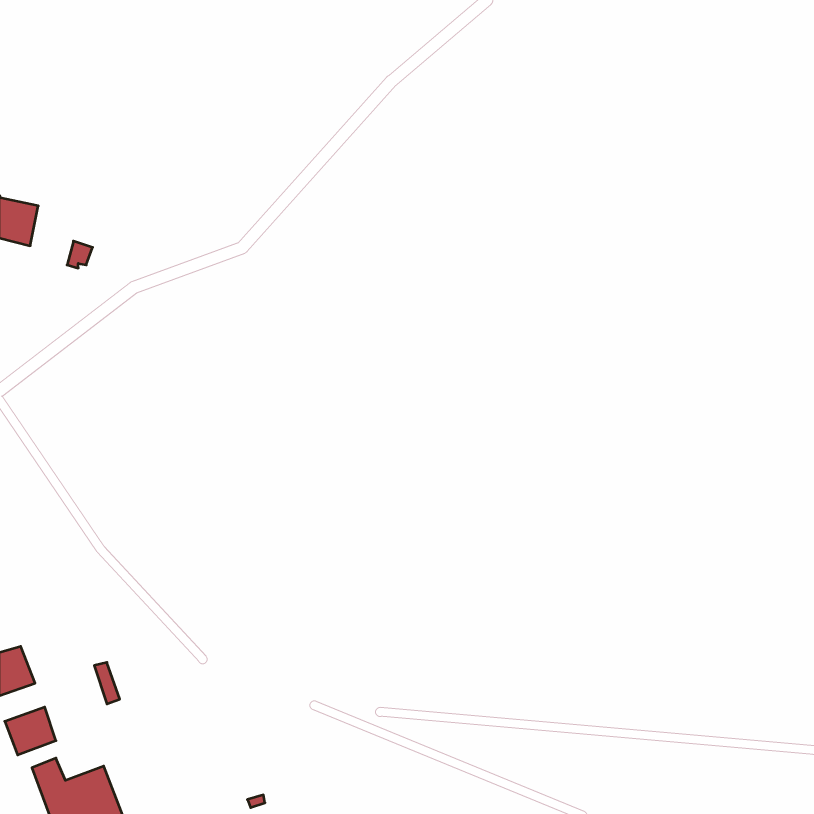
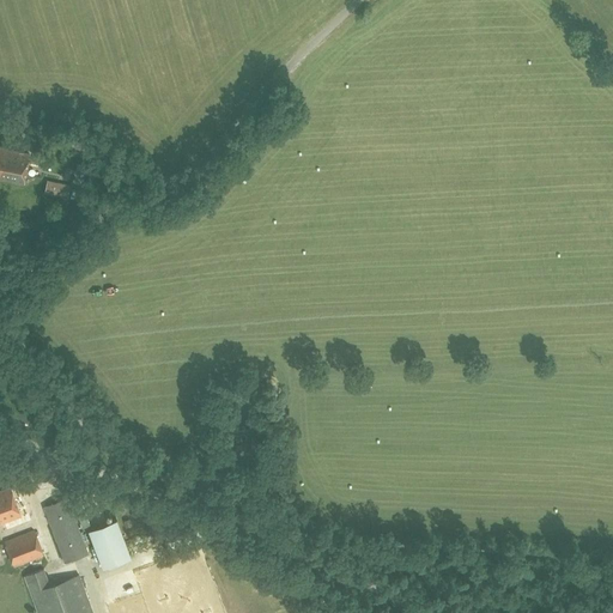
building: none -> [43,499,86,563]
building: none -> [87,521,129,568]

